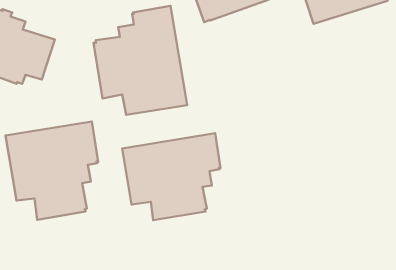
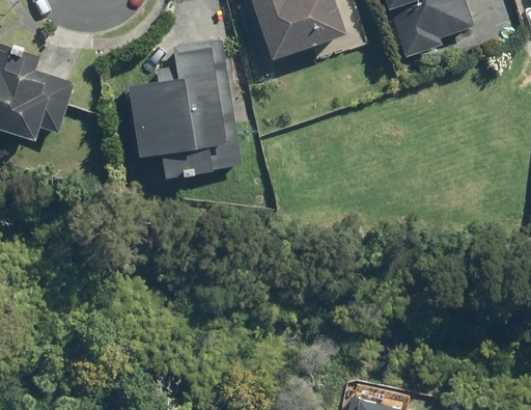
building: [6,121,98,220] -> none
building: [122,133,221,220] -> none

